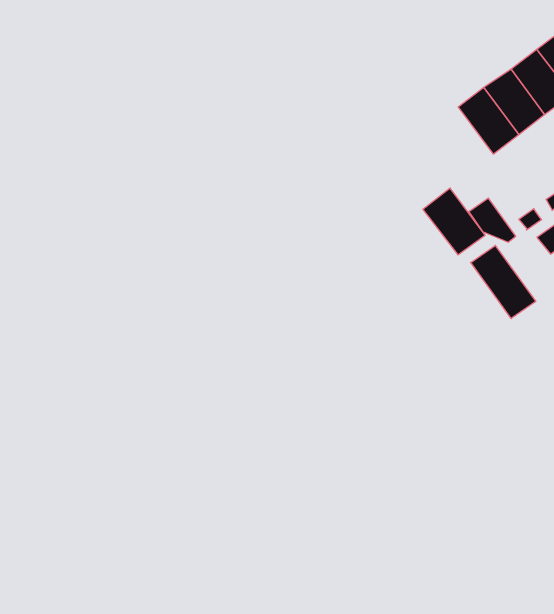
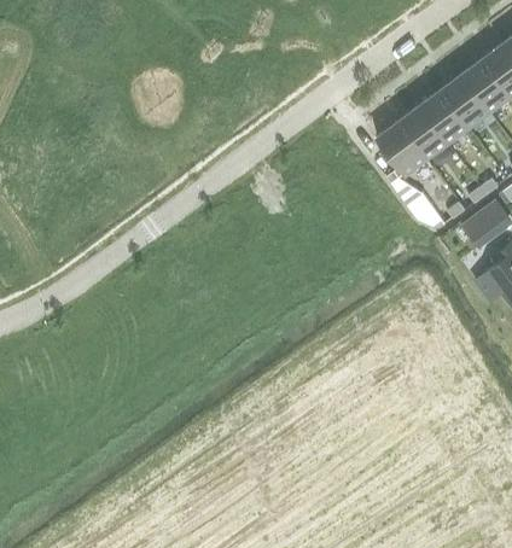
building: [423,188,485,255] -> [377,121,426,174]
building: [471,245,536,319] -> none

